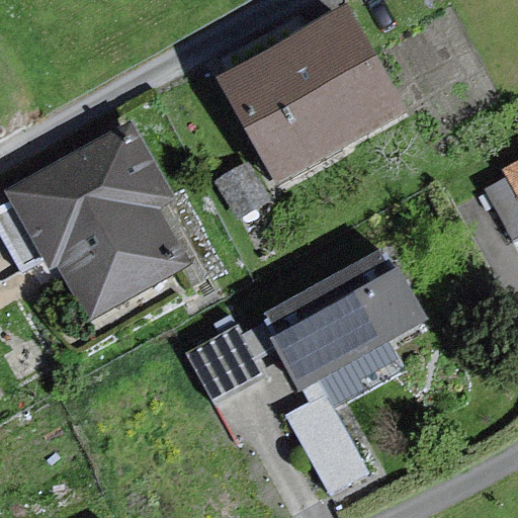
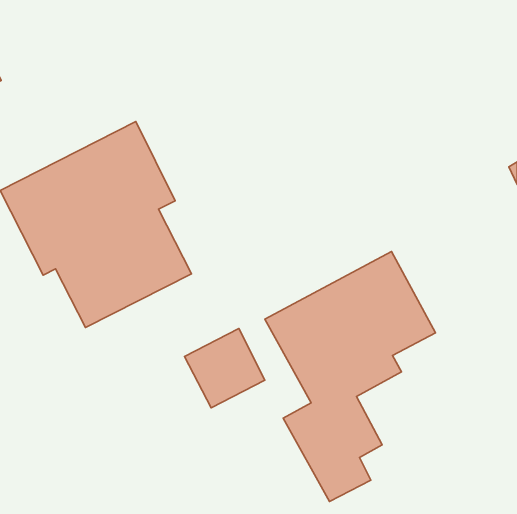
building: [222,6,413,184] -> none

